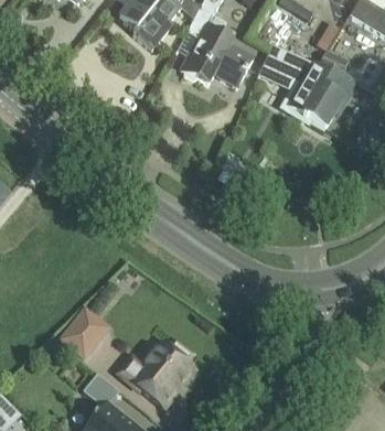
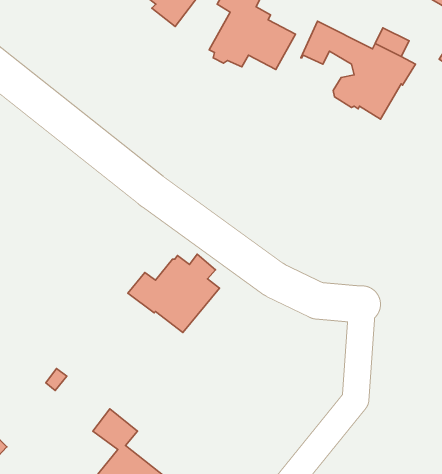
building: [61,309,107,357] -> none
building: [117,341,194,407] -> [128,254,219,332]

